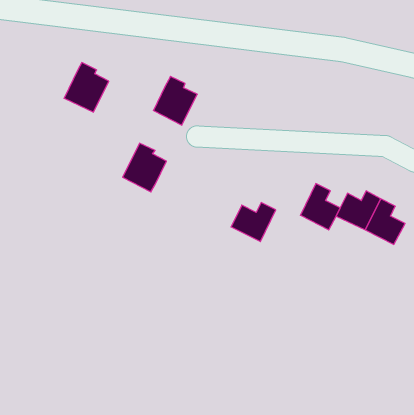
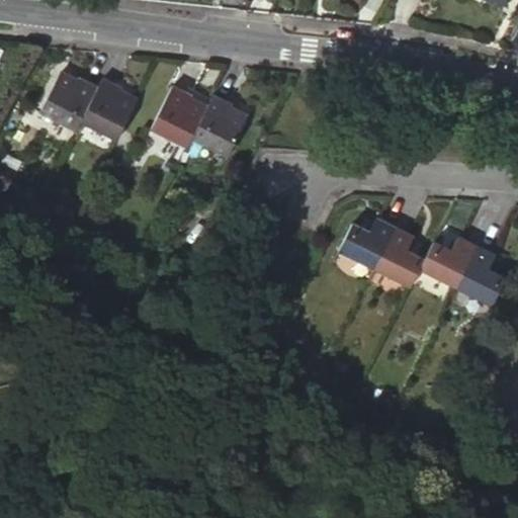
building: none -> [40,74,98,132]
building: [123,143,166,192] -> [152,86,206,147]
building: [231,203,276,242] -> [339,220,395,268]

